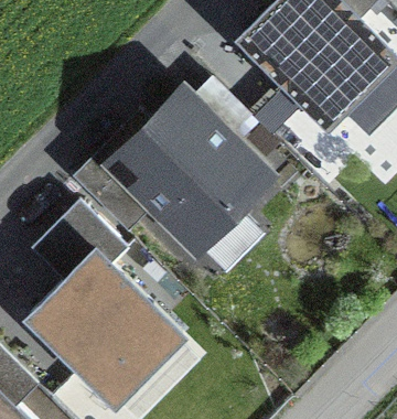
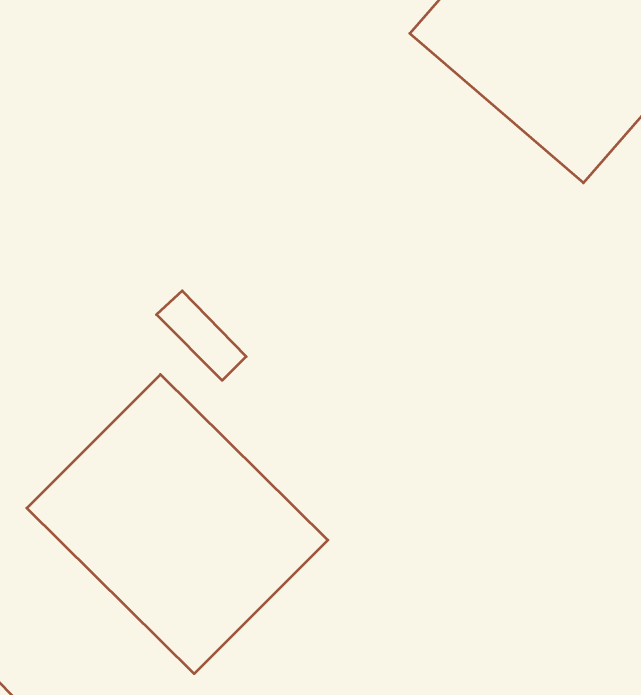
building: [118,106,265,254] -> none

